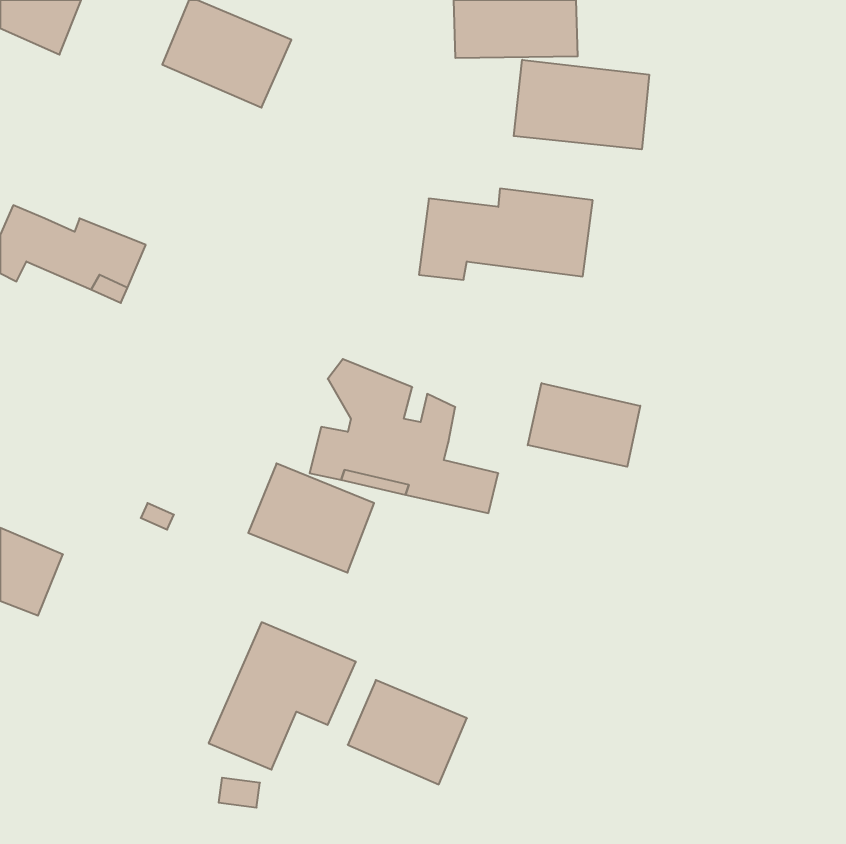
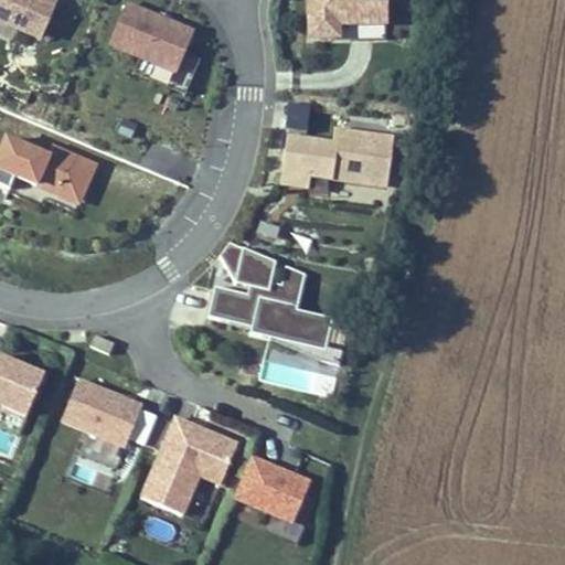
building: [514,60,649,149] -> none
building: [528,383,640,467] -> none
building: [248,463,374,573] -> [62,376,146,449]

